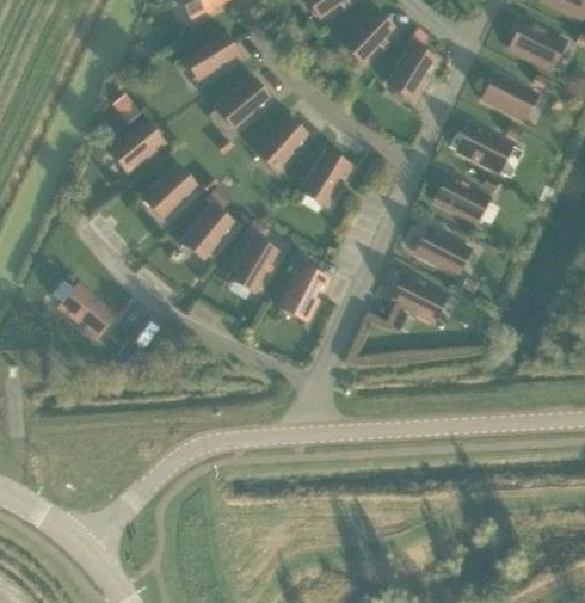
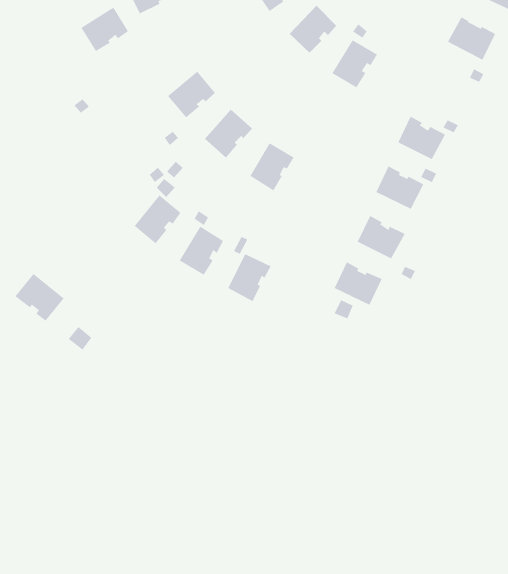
building: [187,32,238,79] -> [80,7,129,52]
building: [482,73,532,118] -> none
building: [112,119,164,168] -> none
building: [147,166,197,216] -> none

